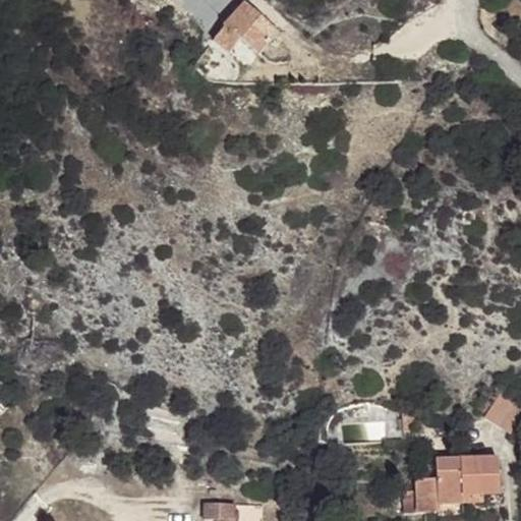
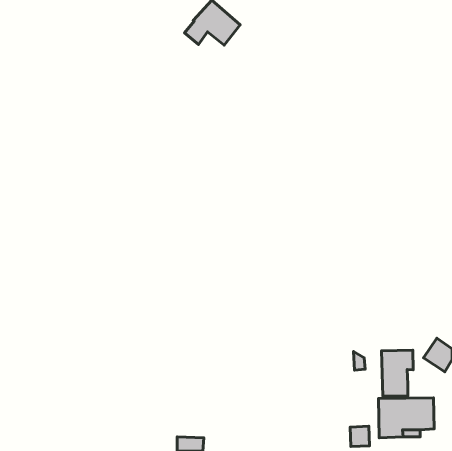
building: none -> [381,350,413,396]

